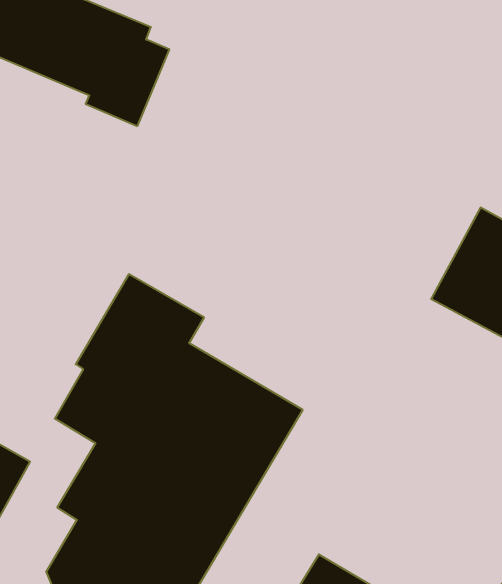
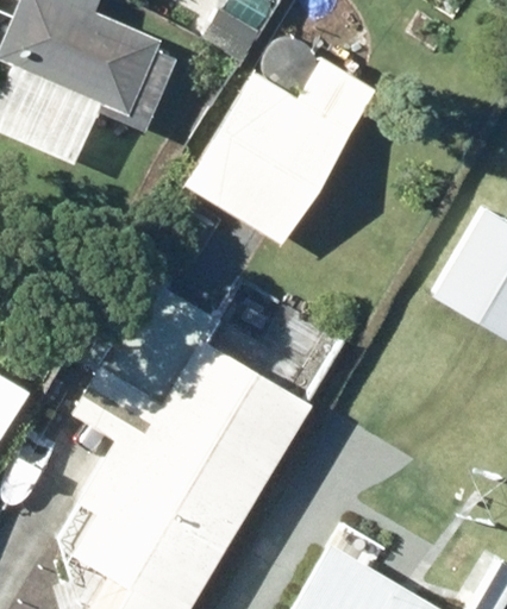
building: none -> [204,57,398,247]

